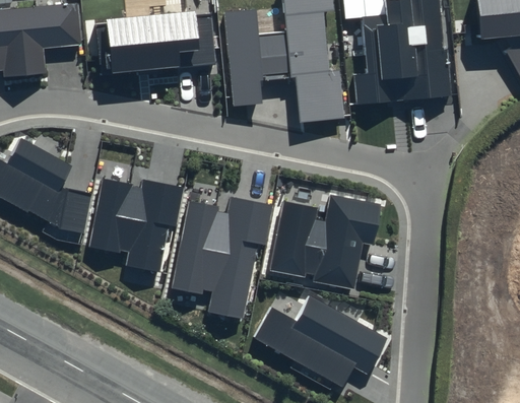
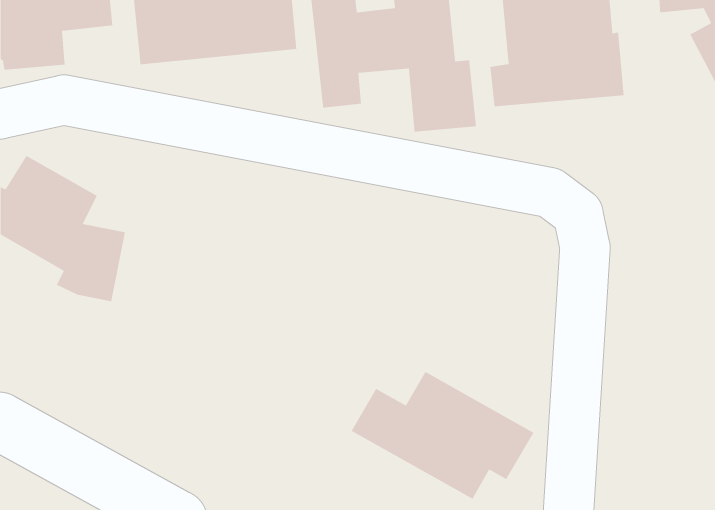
building: [89,180,184,271] -> none
building: [269,195,382,289] -> none
building: [172,196,273,318] -> none

